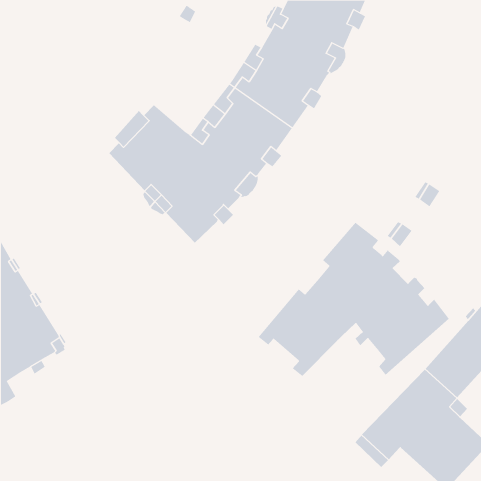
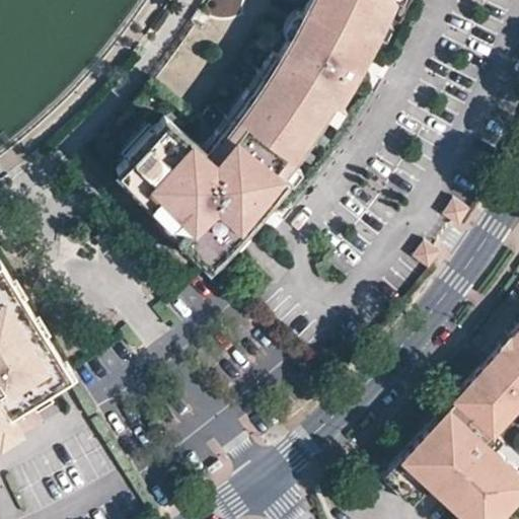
building: [258,222,449,377] -> none

